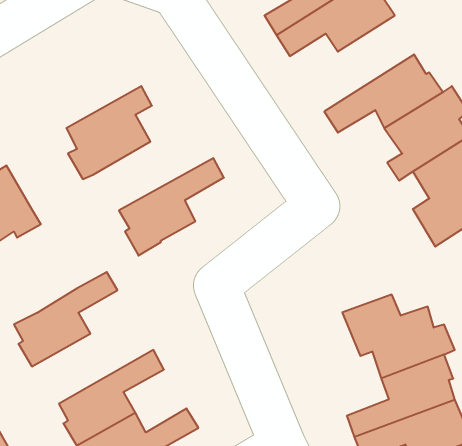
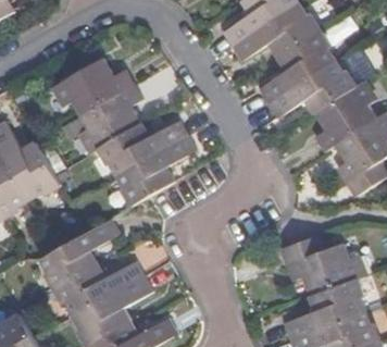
building: none -> [260,33,333,102]
building: none -> [55,58,135,114]
building: none -> [100,123,187,174]
building: none -> [55,260,143,314]

